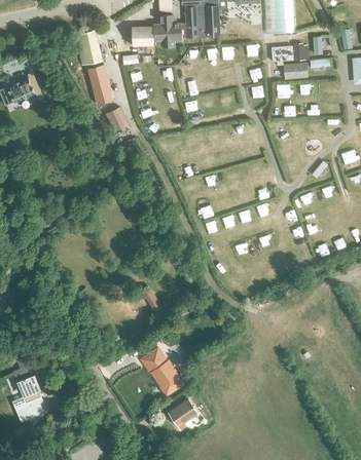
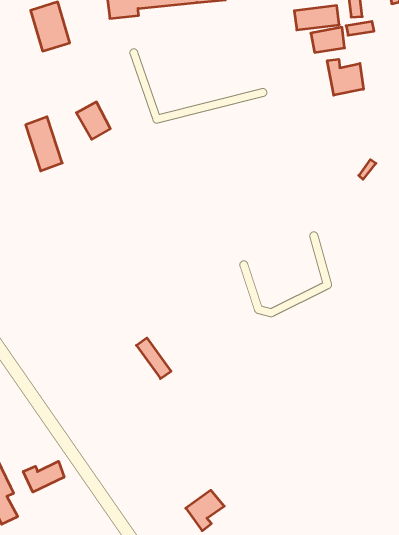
building: [86,65,112,105] -> [26,117,62,171]
building: none -> [327,59,363,95]
building: [144,347,186,399] -> none
building: none -> [23,461,64,492]

